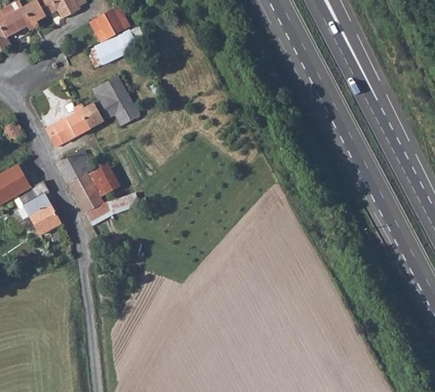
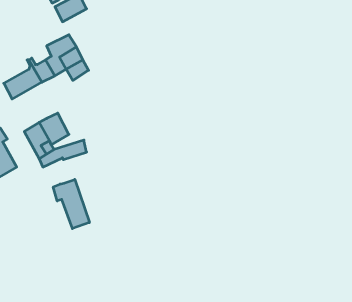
building: [58,151,93,183] -> none
building: none -> [53,179,89,229]

